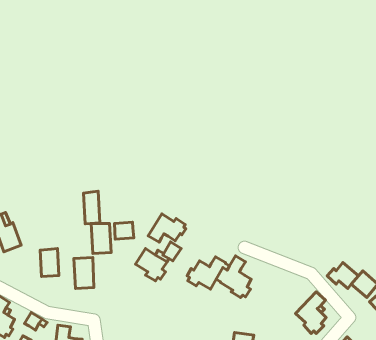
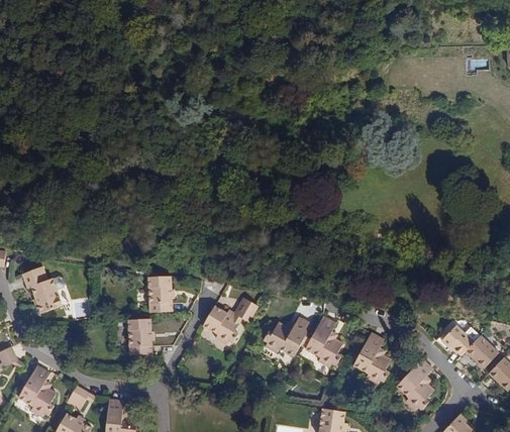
building: [83,191,100,224] -> none
building: [148,214,186,242] -> none
building: [114,222,134,239] -> none
building: [40,248,59,276] -> none
building: none -> [352,333,390,384]

